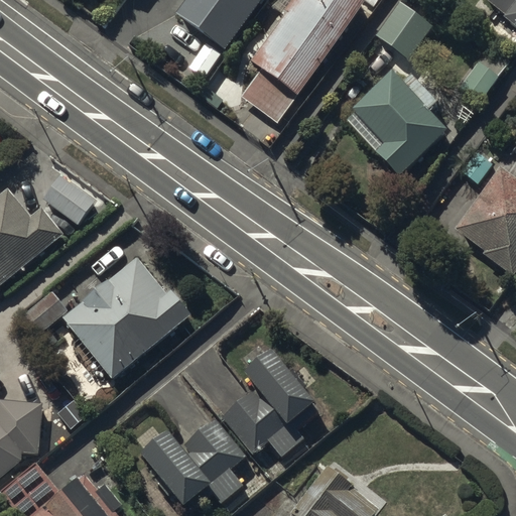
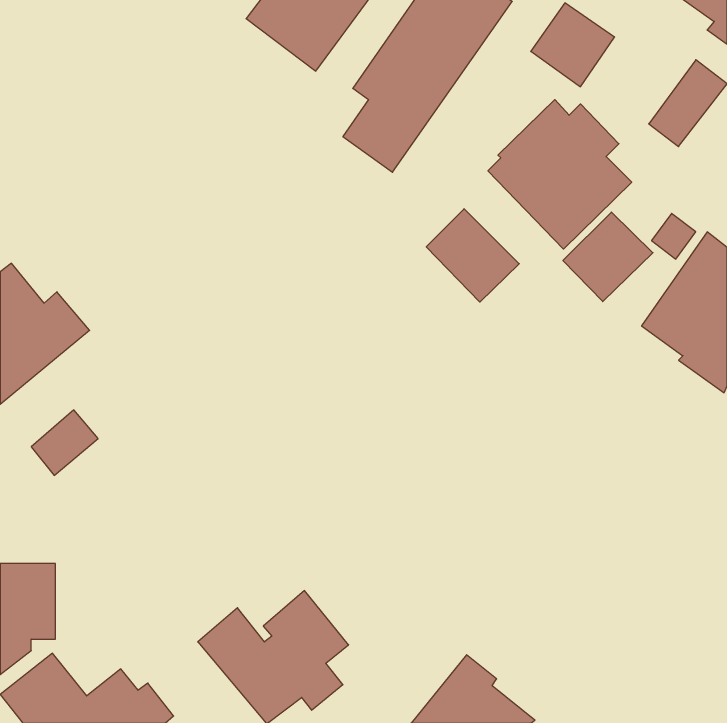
building: none -> [426,209,519,302]
building: none -> [563,212,653,302]
building: [42,173,97,225] -> none
building: [62,254,192,382] -> none
building: [221,349,320,458] -> none

